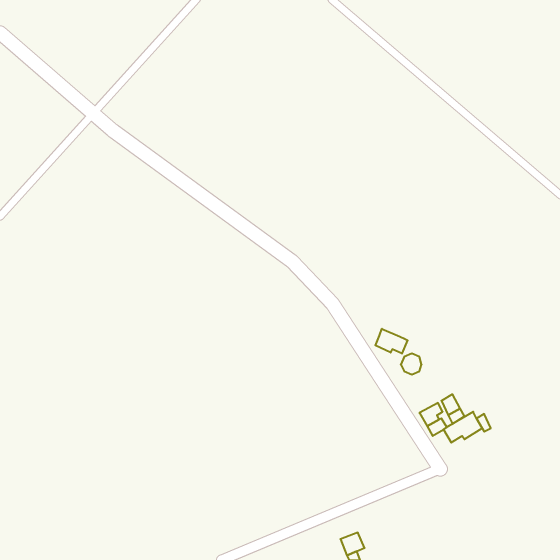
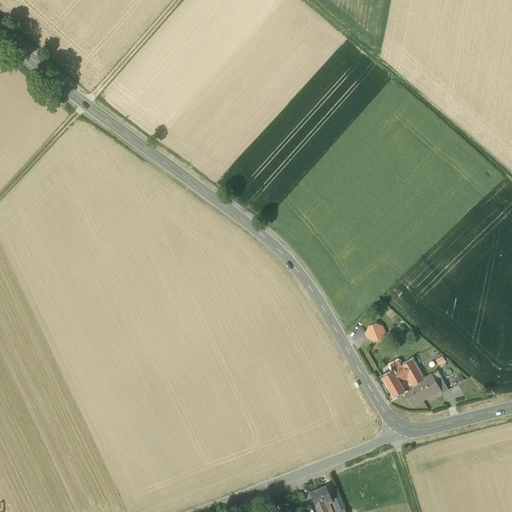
building: [375,329,408,354] -> none

